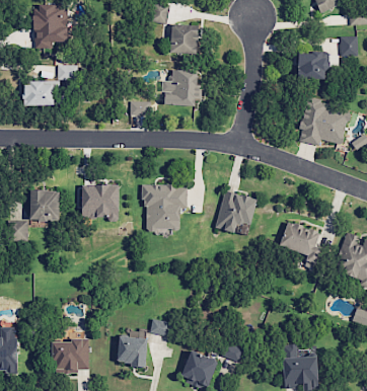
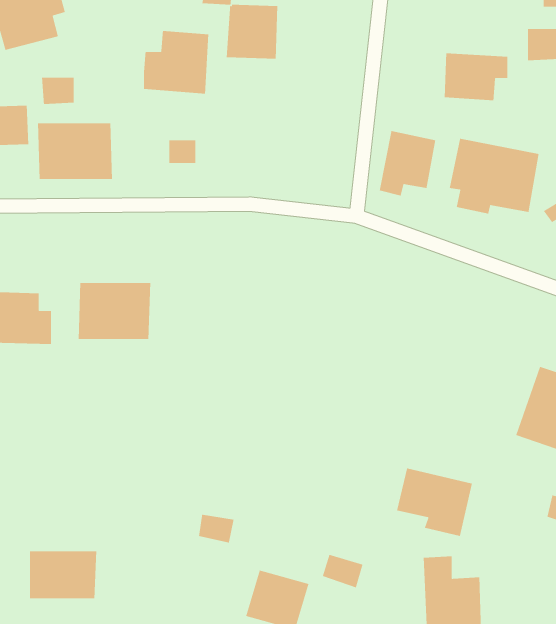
building: [160,69,199,106] -> [143,30,209,95]
building: none -> [37,122,113,180]
building: none -> [379,130,436,197]
building: [145,184,189,231] -> none
building: [214,190,254,233] -> none
building: [279,222,323,262] -> [396,467,473,537]
building: [115,336,149,367] -> none

